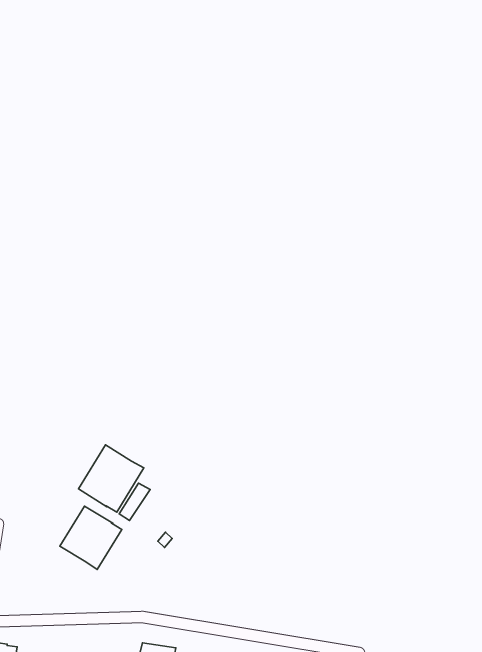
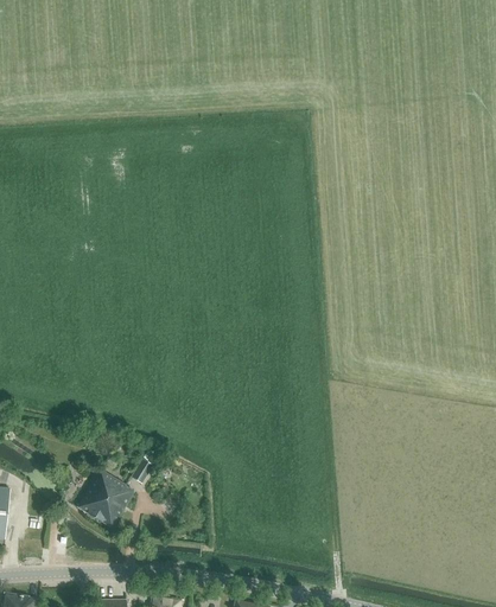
building: [78,445,144,512] -> none

